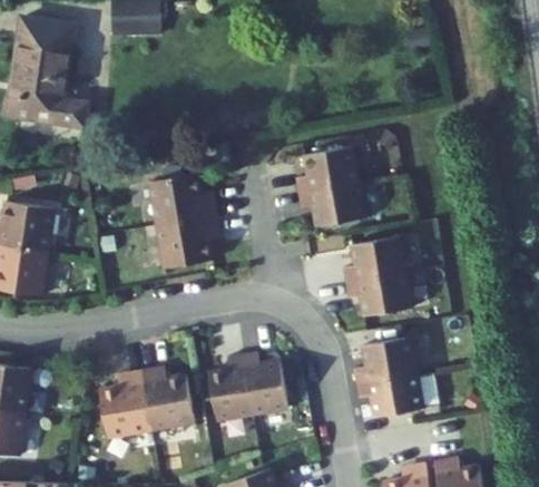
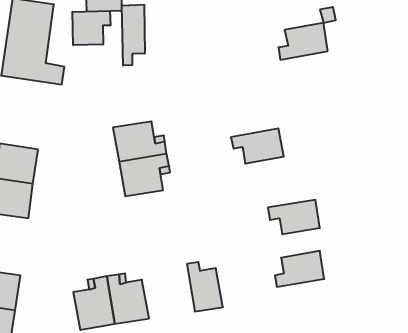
building: none -> [122,5,145,66]
building: none -> [72,11,110,45]
building: [295,147,357,194] -> [278,23,328,60]
building: [342,237,404,283] -> none
building: [207,354,252,421] -> none
building: [355,373,422,418] -> none

